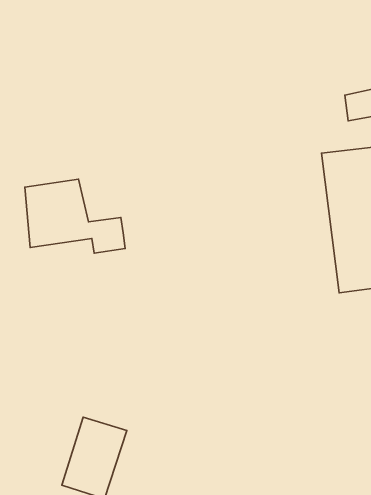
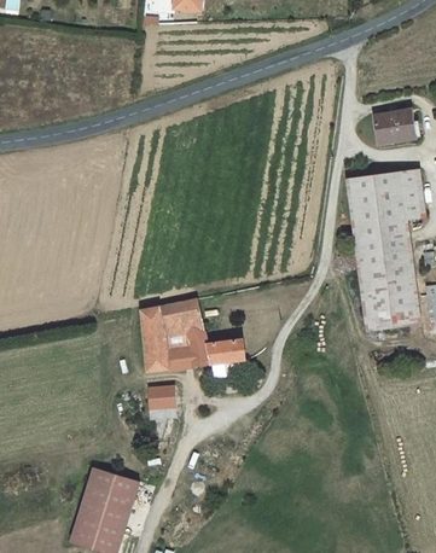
building: [25,179,125,253] -> [139,297,248,377]
building: none -> [147,385,174,415]

